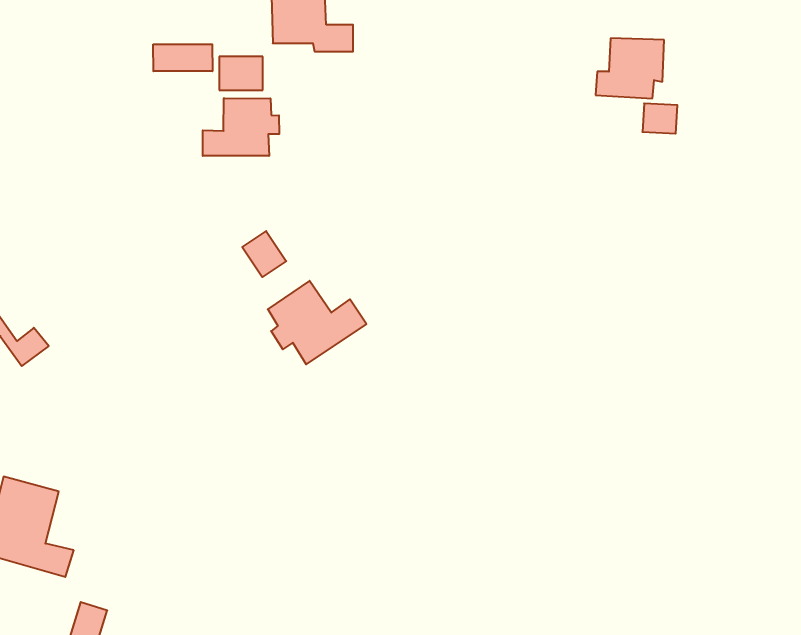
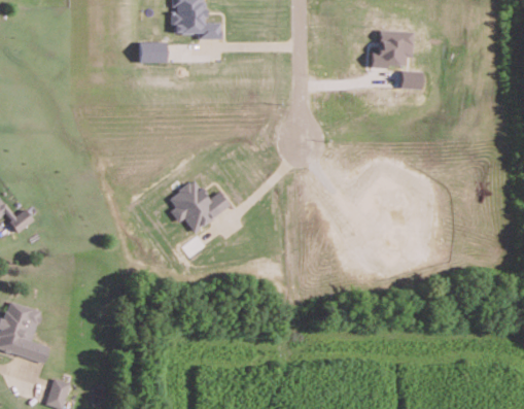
building: [153,44,212,71] -> none
building: [203,98,279,156] -> none
building: [242,231,286,277] -> none

